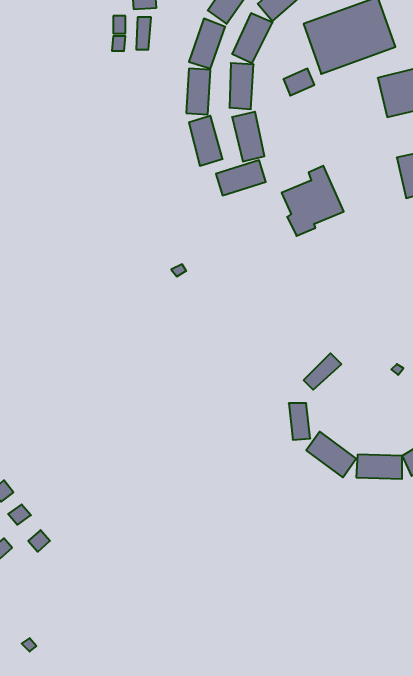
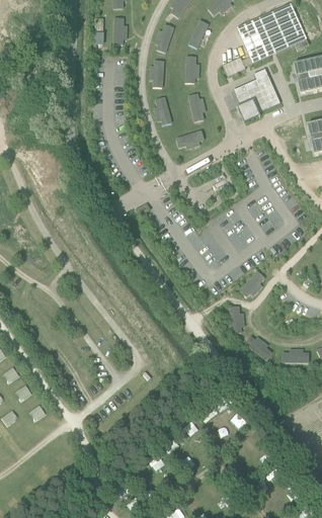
building: [282,166,344,236] -> [234,68,280,120]

